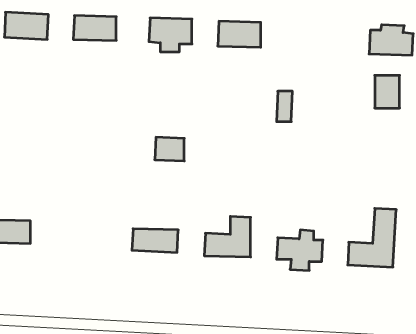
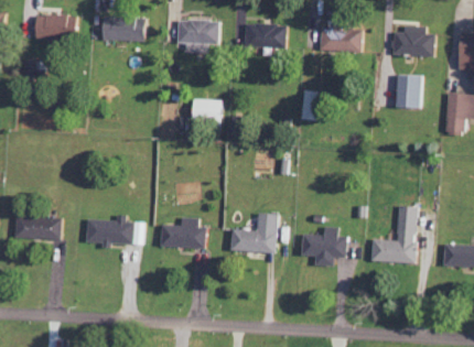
building: none -> [319,25,362,52]
building: [155,137,184,161] -> [193,100,222,123]
building: none -> [86,218,142,246]

